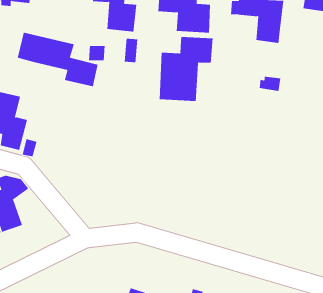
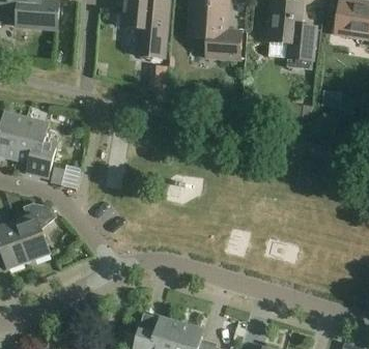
building: [17,32,98,87] -> none
building: [159,36,213,102] -> none

